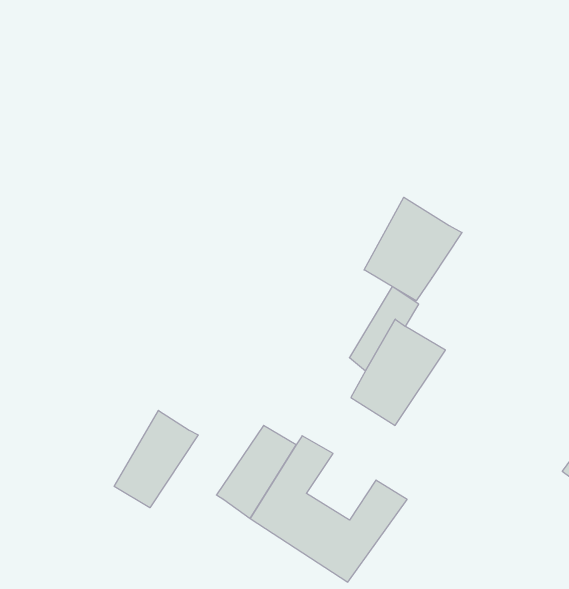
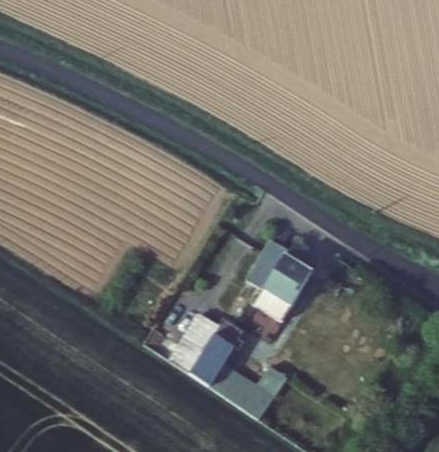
building: [364,197,462,301] -> none
building: [114,410,198,508] -> none

